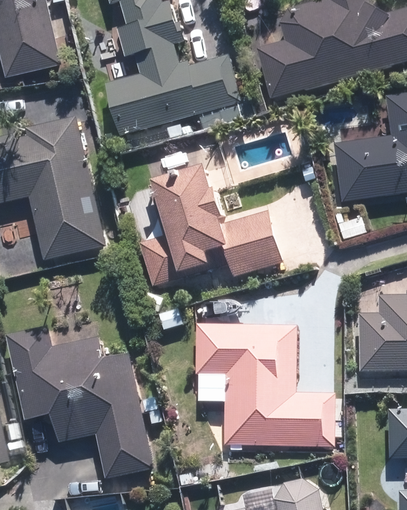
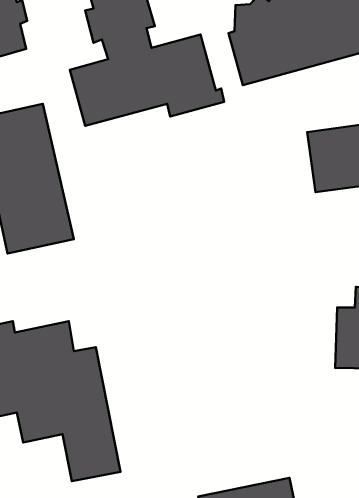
building: [137,162,285,287] -> none
building: [195,322,331,449] -> none

